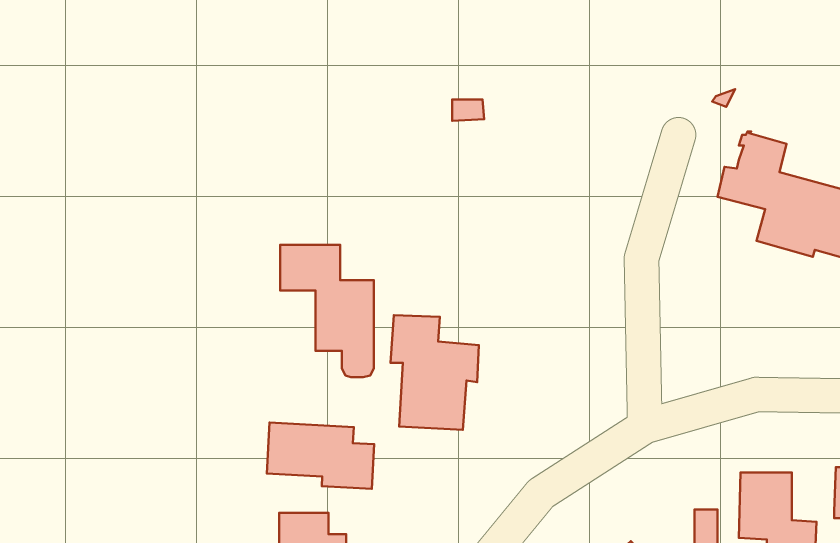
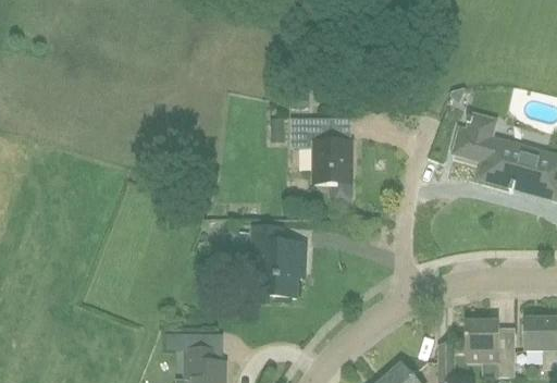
building: [280,245,374,377] -> [293,118,350,199]
building: [267,423,374,489] -> none

